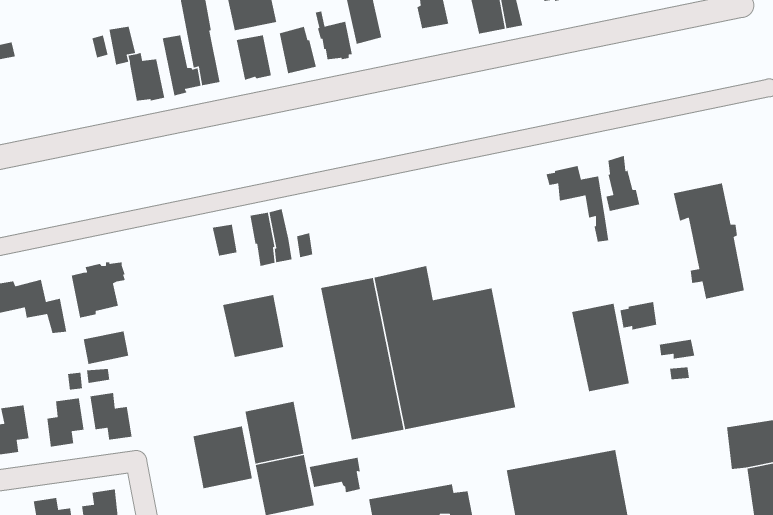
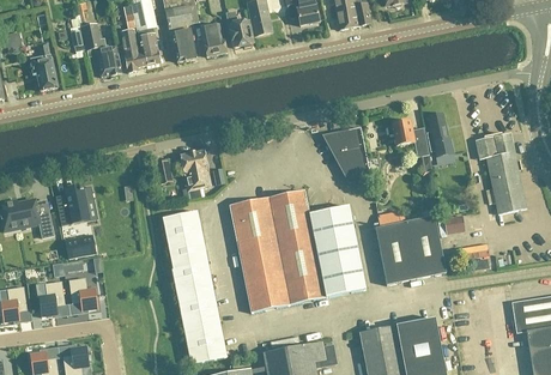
building: none -> [29,41,56,89]
building: none -> [326,126,370,180]
building: none -> [374,220,416,283]
building: [193,425,253,489] -> [169,246,211,290]
building: [309,457,361,493] -> none

